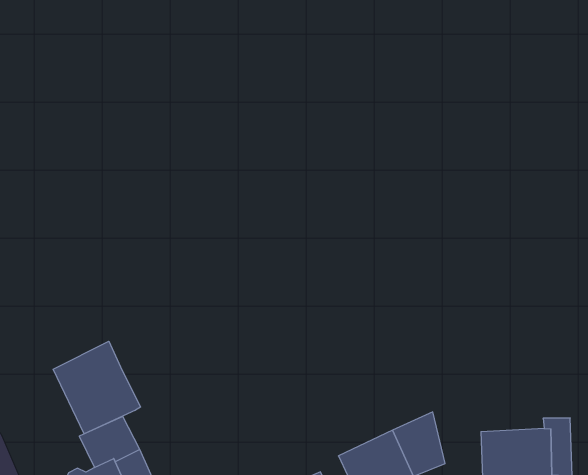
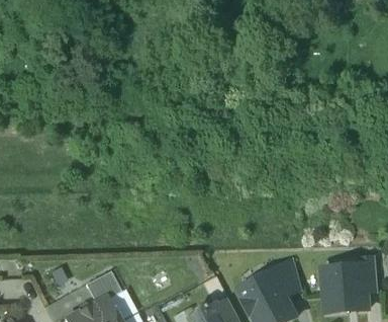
building: [53,341,141,434] -> none

